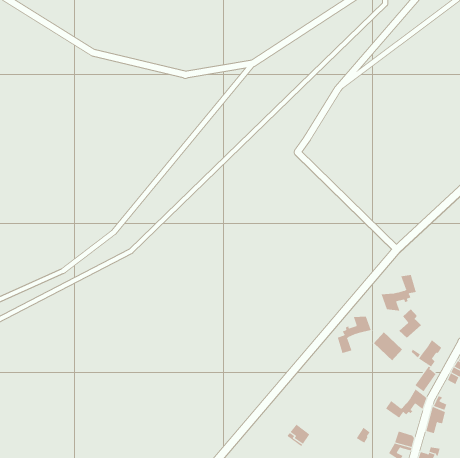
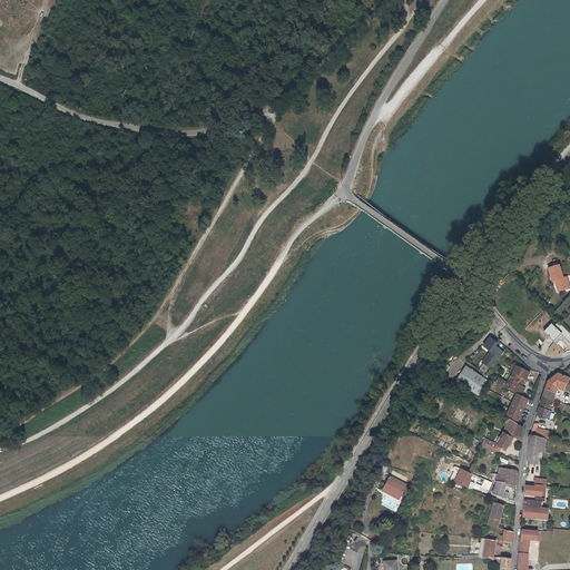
building: [381,274,416,312] -> none
building: [337,316,372,354] -> none

